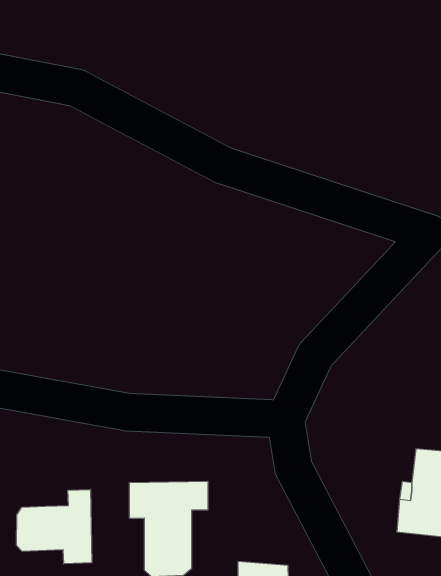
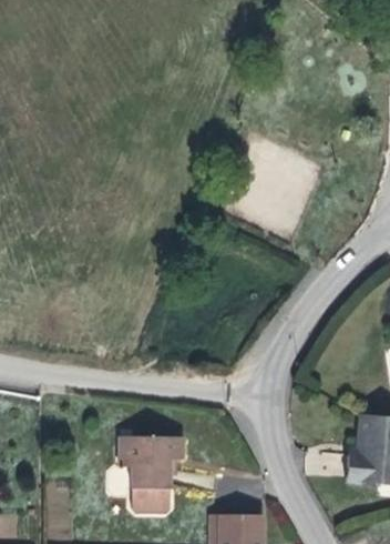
building: [17,489,92,564] -> none

